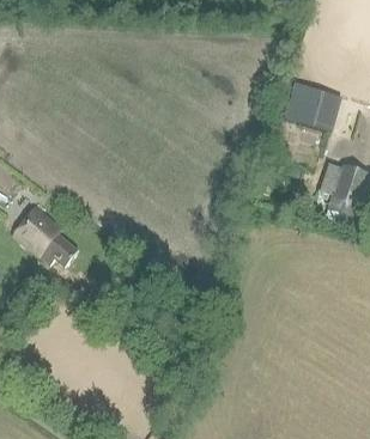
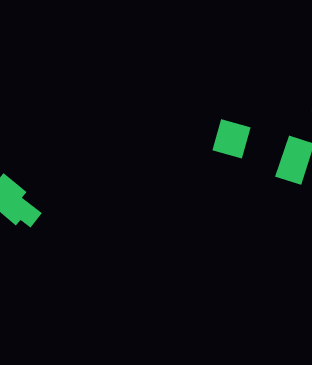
building: [284,81,327,126] -> [212,118,251,159]

